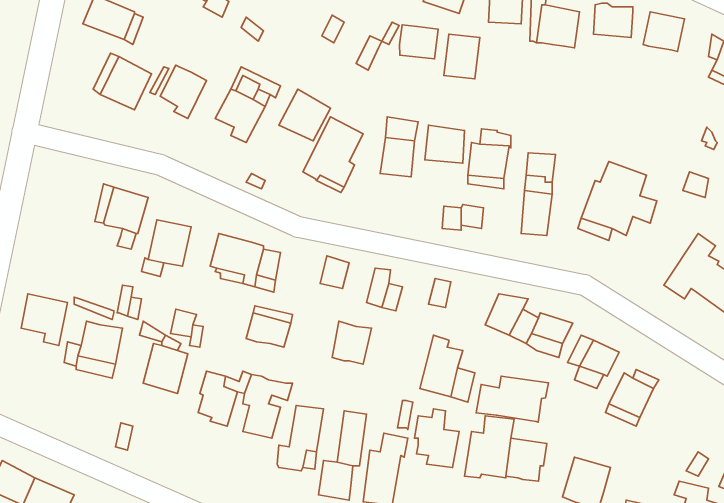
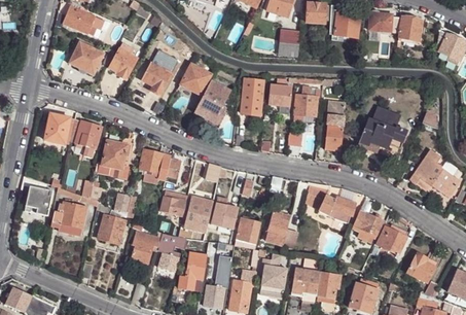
building: [400,25,438,59] -> none
building: none -> [44,113,70,144]
building: none -> [184,196,214,234]
building: none -> [236,219,261,244]
building: [476,376,548,422] -> none
building: none -> [407,252,435,282]

